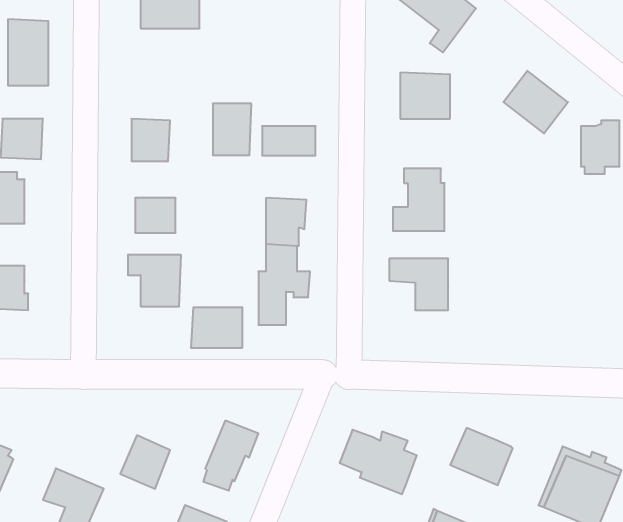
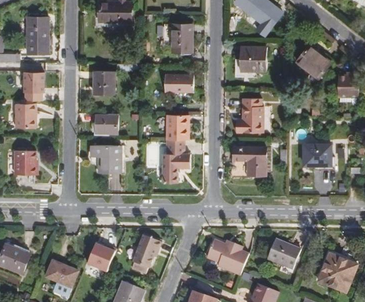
building: [213,104,251,155] -> [171,24,192,52]
building: none -> [302,143,334,170]
building: [191,307,242,348] -> none

